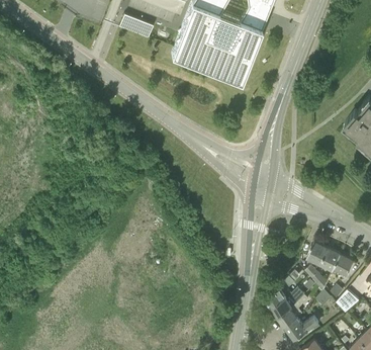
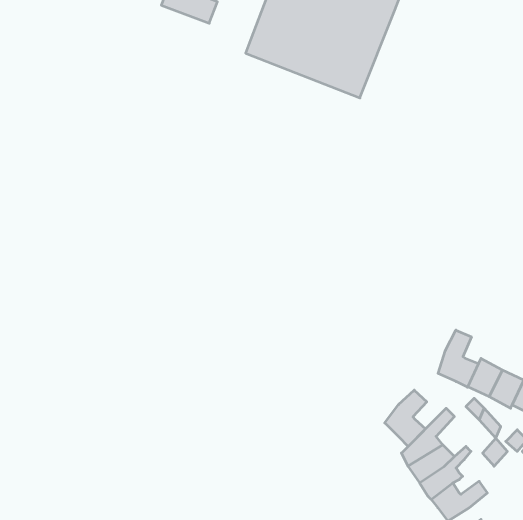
building: none -> [438,330,478,387]
building: none -> [385,390,427,446]

